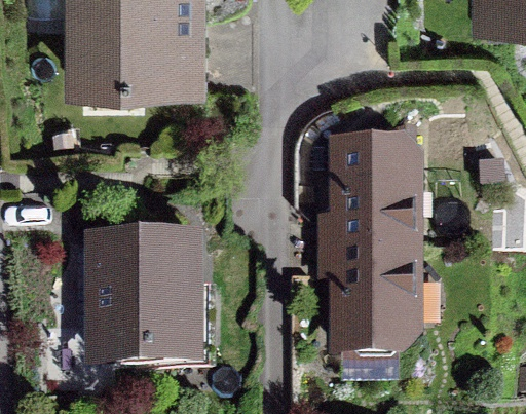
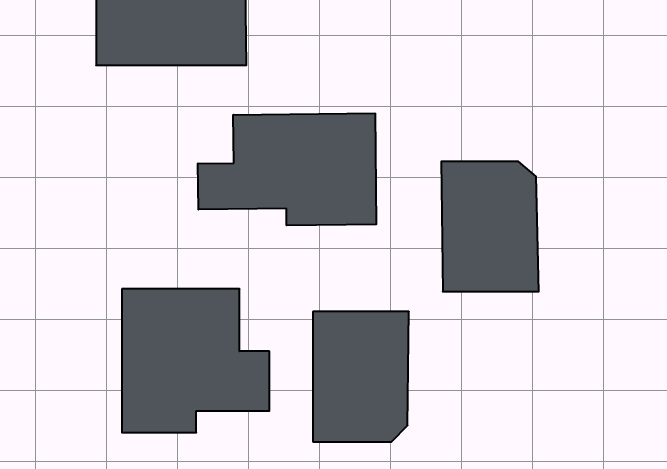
building: none -> [198,113,376,225]
building: [337,252,410,350] -> [313,312,409,442]

